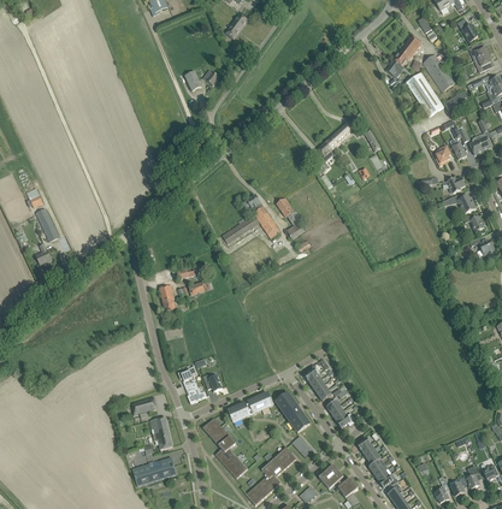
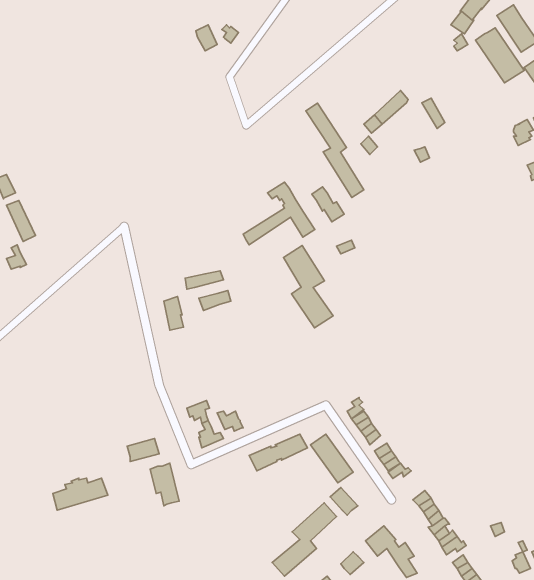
building: none -> [306,103,364,198]
building: none -> [283,246,333,328]
building: [202,418,248,478] -> none
building: [134,460,177,485] -> [53,478,108,510]

